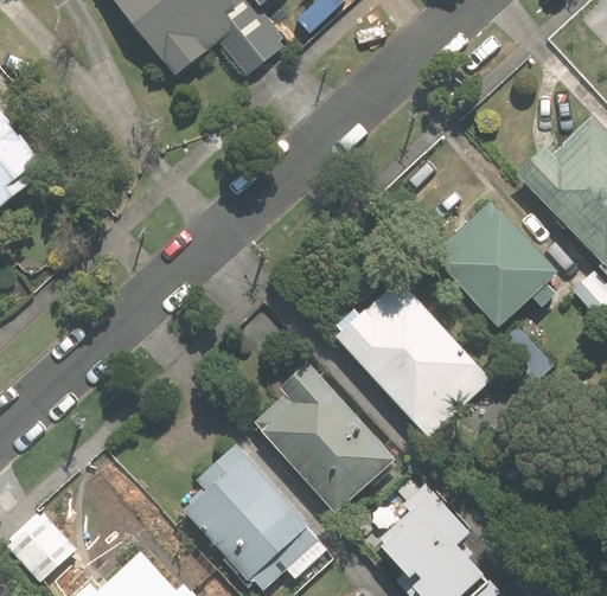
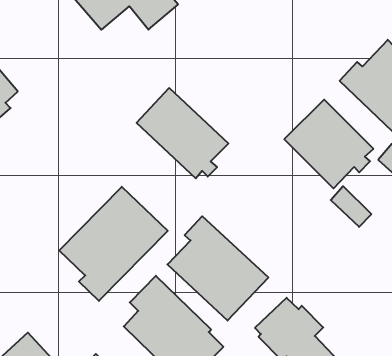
building: none -> [137,88,228,178]
building: [326,277,492,437] -> none
building: none -> [59,187,168,301]

